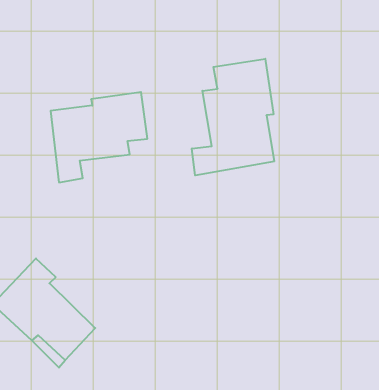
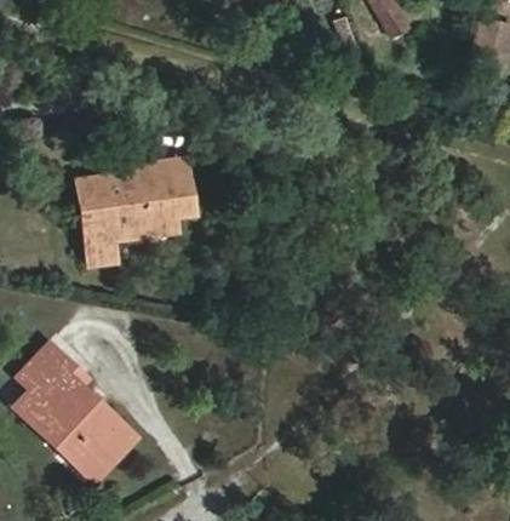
building: [192,59,274,175] -> none

